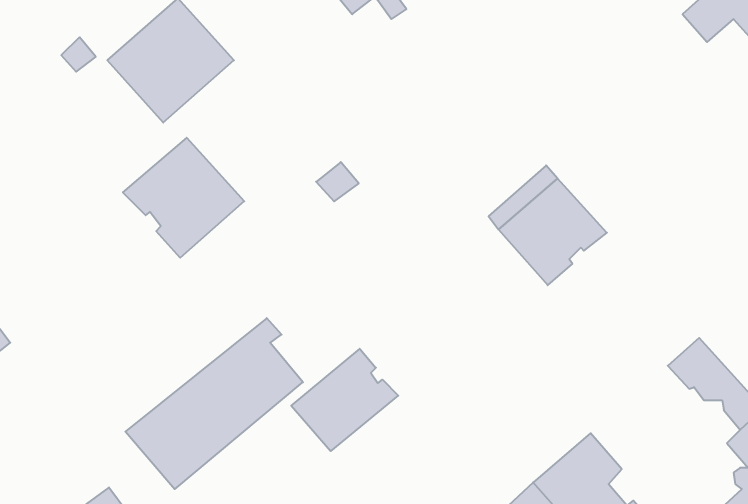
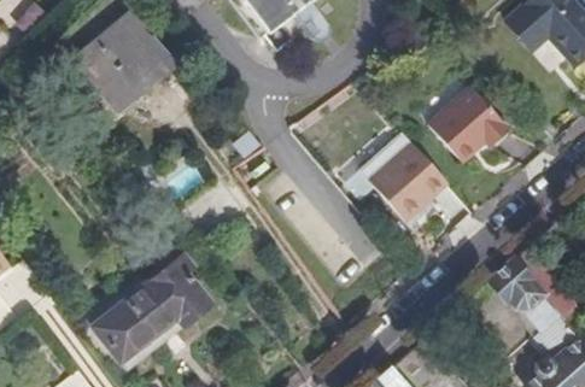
building: none -> [427,86,507,159]
building: [123,138,244,258] -> none
building: [291,349,398,451] -> none

